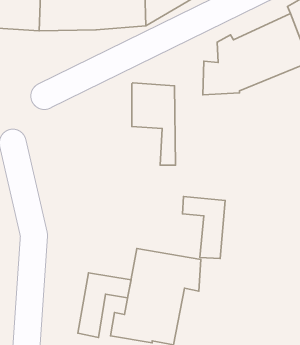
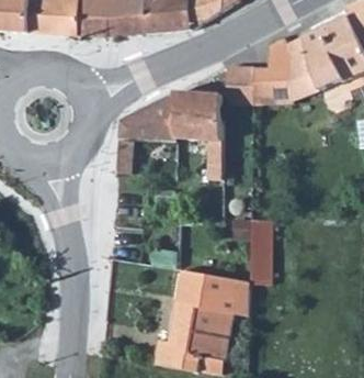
building: none -> [225,67,253,103]
building: none -> [116,91,175,174]
building: [78,273,131,338] -> none

